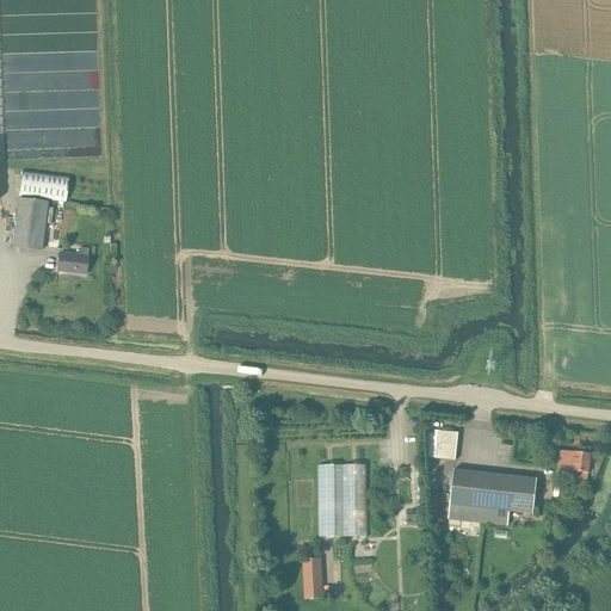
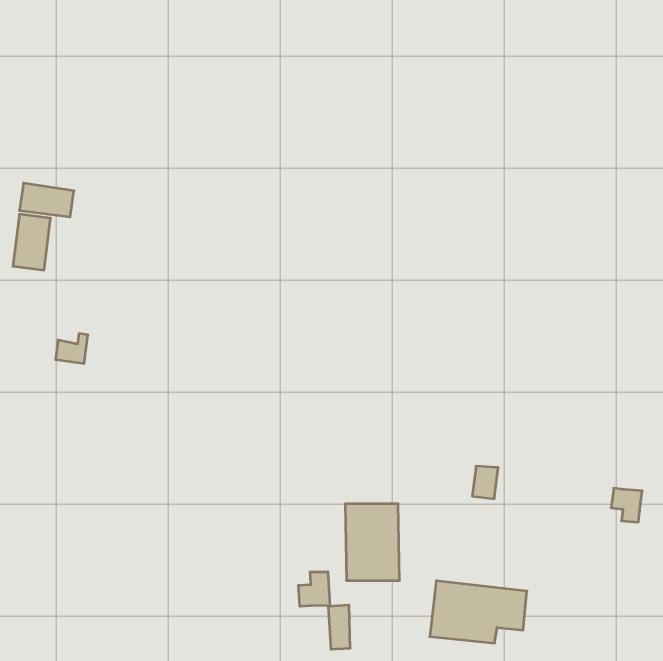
building: [57,245,87,272] -> [56,334,88,364]
building: [448,467,537,524] -> [430,581,527,643]
building: none -> [298,572,330,606]

